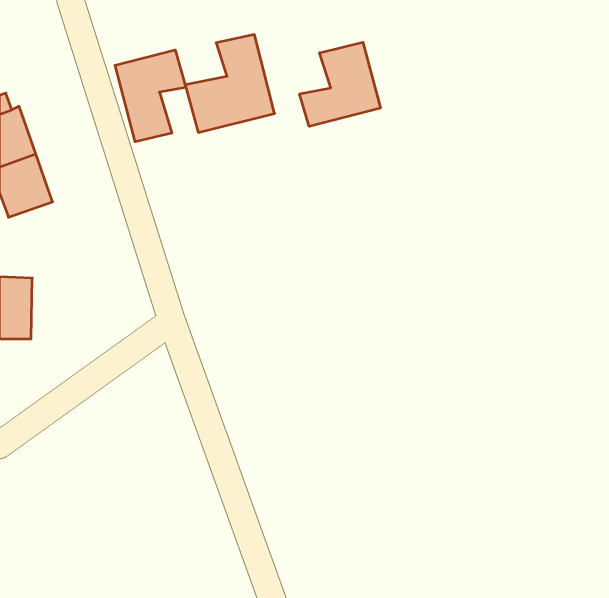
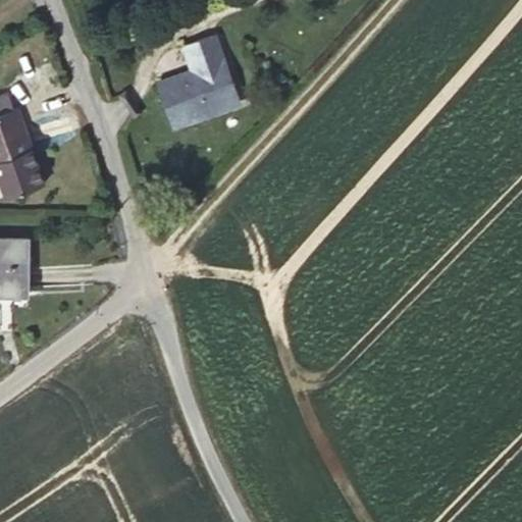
building: [300,42,380,126] -> none
building: [115,50,186,142] -> none

